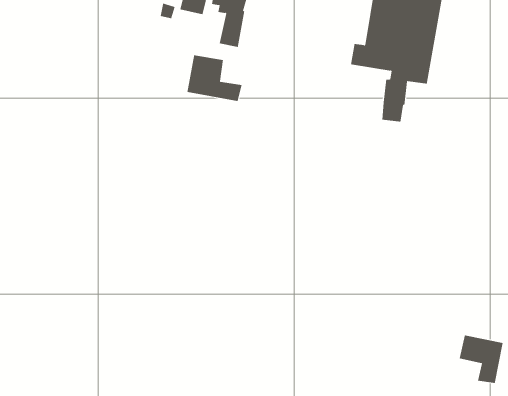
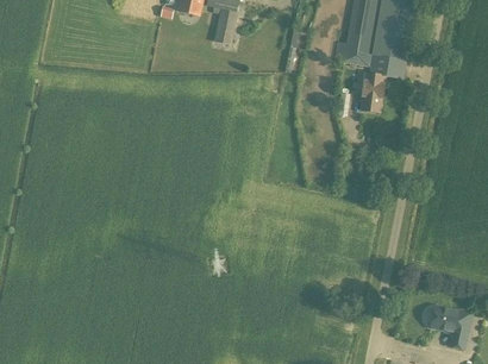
building: [187,55,242,102] -> none

